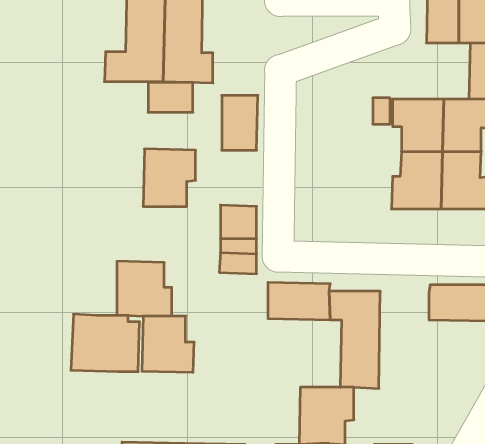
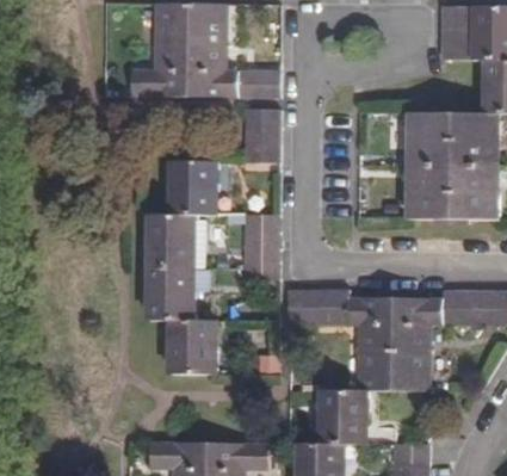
building: [148,82,193,112] -> [236,69,279,98]
building: none -> [395,297,443,390]
building: [71,314,140,372] -> [144,215,210,270]

